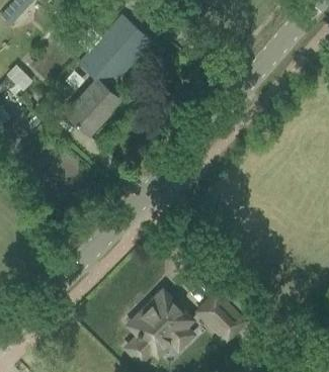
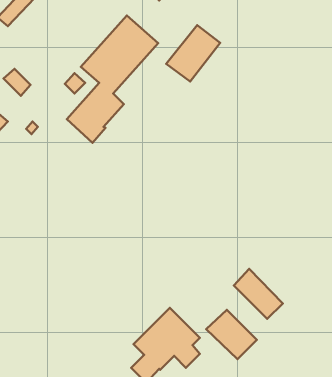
building: none -> [166,25,220,81]
building: none -> [234,269,283,319]

